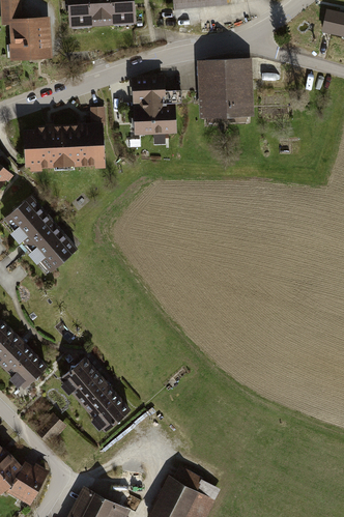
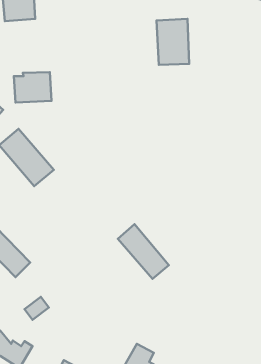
building: [137,80,180,132] -> none
building: [69,107,104,162] -> none
building: [63,357,127,427] -> [118,224,169,279]

